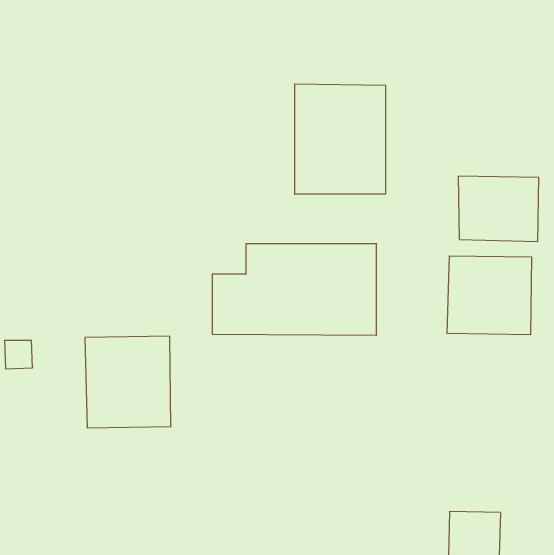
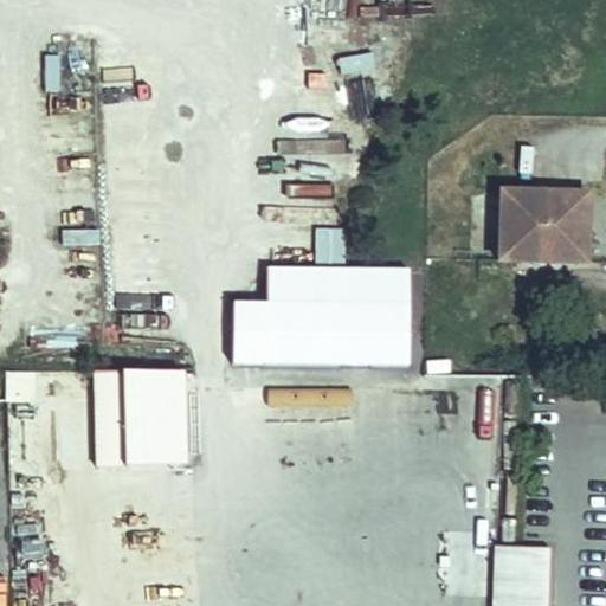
building: [295,84,386,194] -> none
building: [447,256,531,335] -> none

